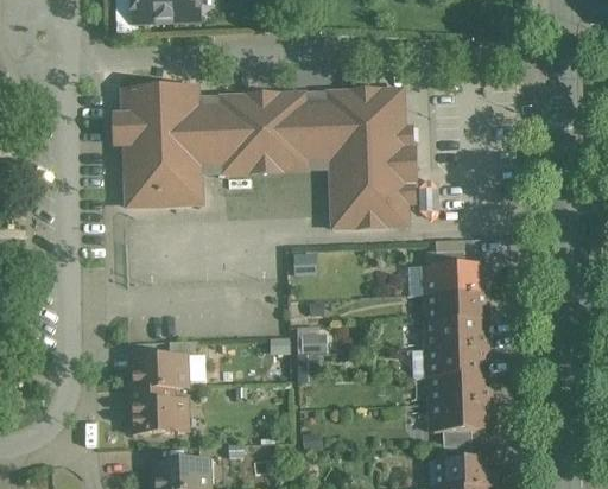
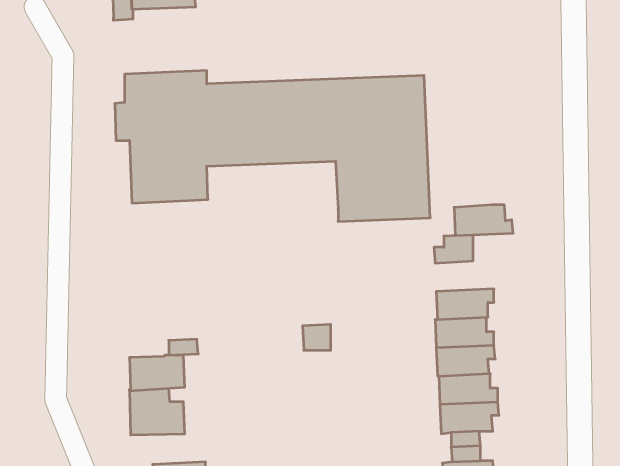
building: [426,265,483,294] -> [454,205,513,236]

